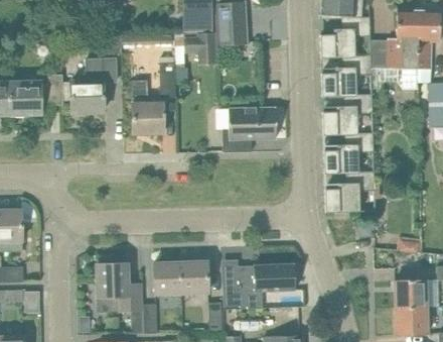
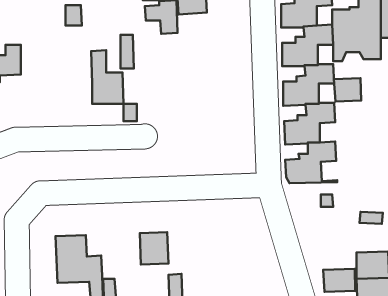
building: [70,59,117,112] -> none
building: [223,107,276,151] -> none
building: none -> [334,78,361,102]
building: [154,261,181,294] -> none
building: [223,263,295,307] -> none
building: none -> [323,269,355,292]

